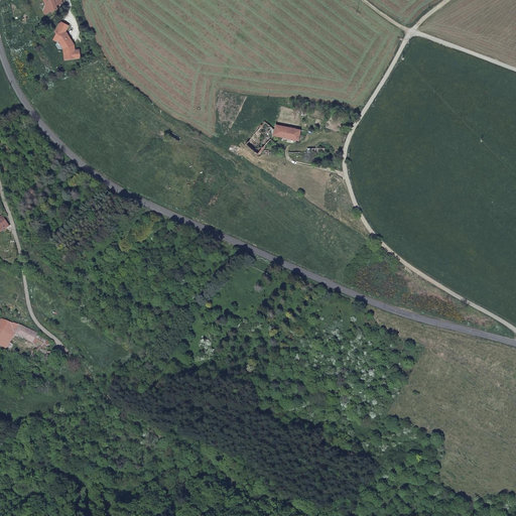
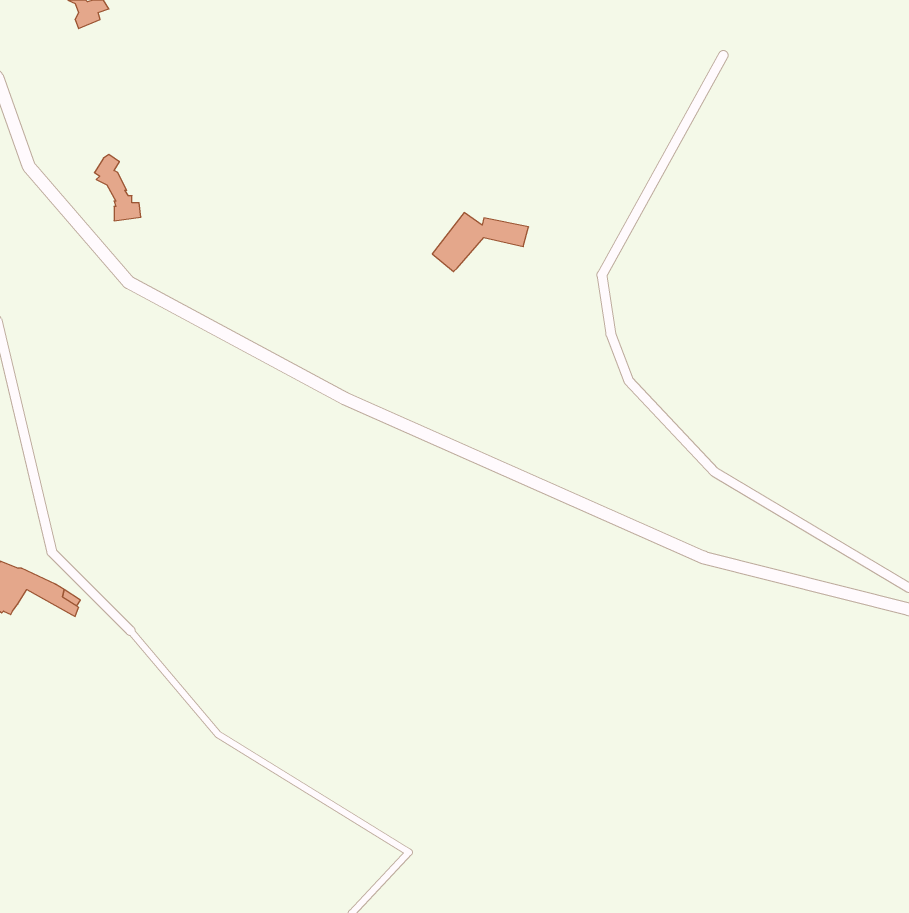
building: [53,23,80,60] -> [94,155,141,221]

